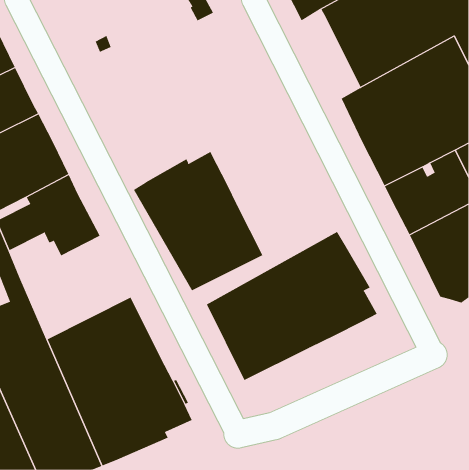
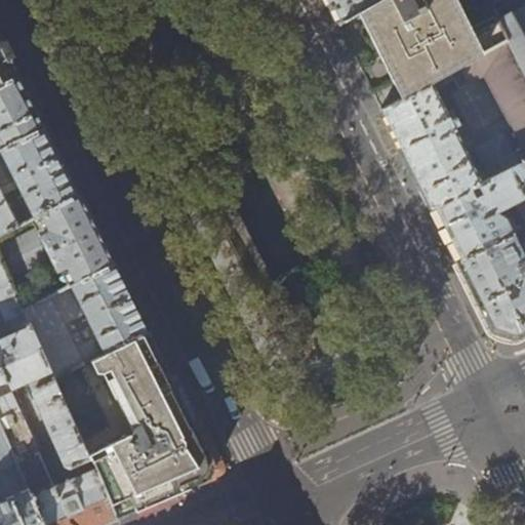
building: [133,151,263,291] -> none
building: [206,231,378,381] -> none
building: none -> [23,262,146,377]

